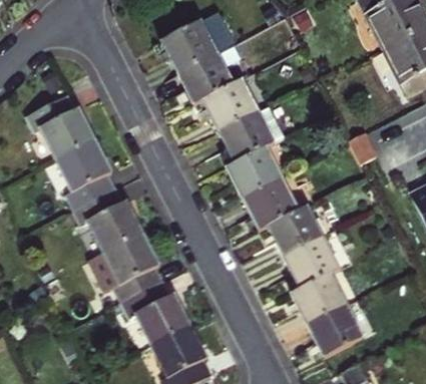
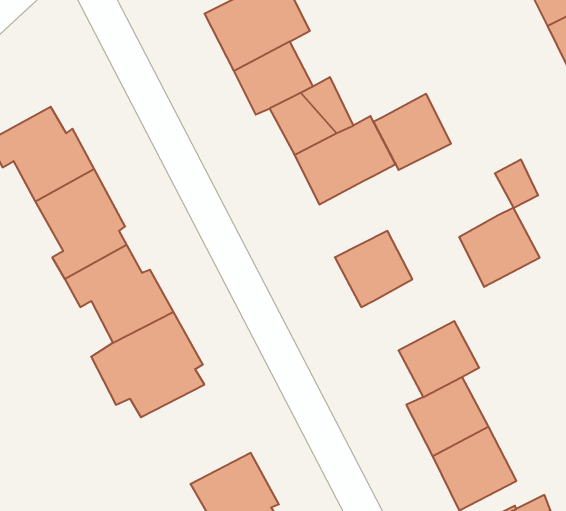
building: [231,148,281,198] -> [374,94,451,170]
building: [272,207,324,258] -> [459,208,540,287]
building: [121,280,192,344] -> none

